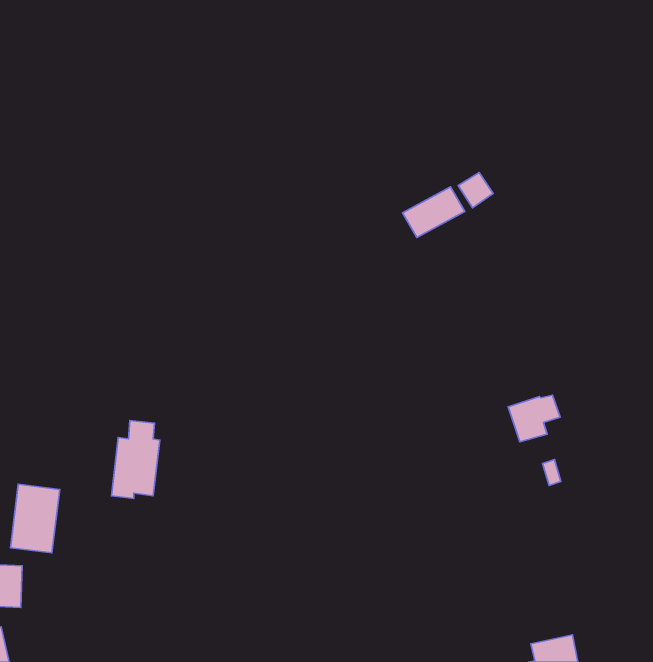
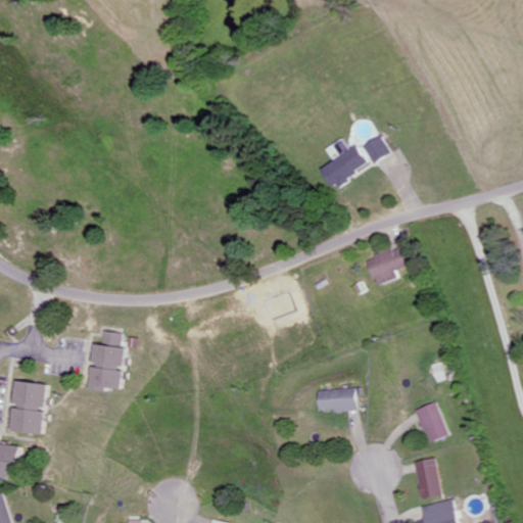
building: [508,395,560,442] -> [365,248,406,285]
building: none -> [314,388,359,411]
building: none -> [413,402,446,444]
building: none -> [411,458,440,500]

